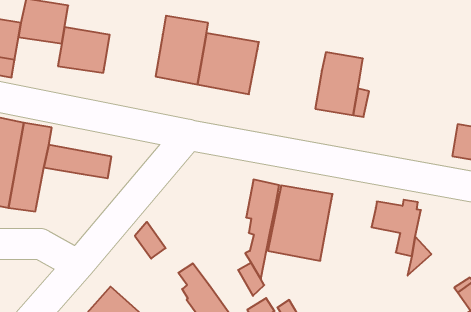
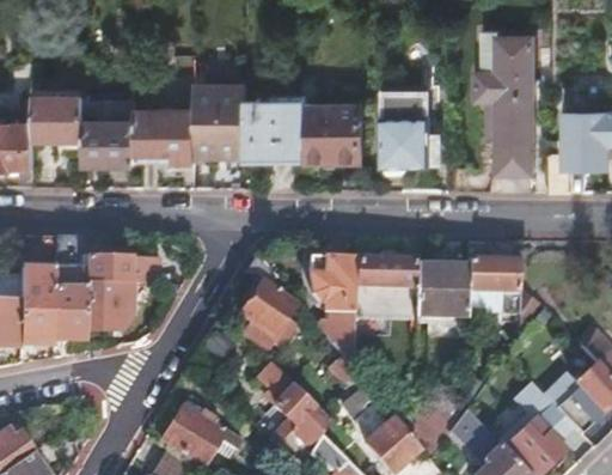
building: none -> [473,30,531,175]
building: none -> [136,109,196,162]
building: none -> [305,83,363,160]
building: none -> [240,254,295,349]
building: none -> [86,282,133,329]
building: none -> [417,263,470,317]

